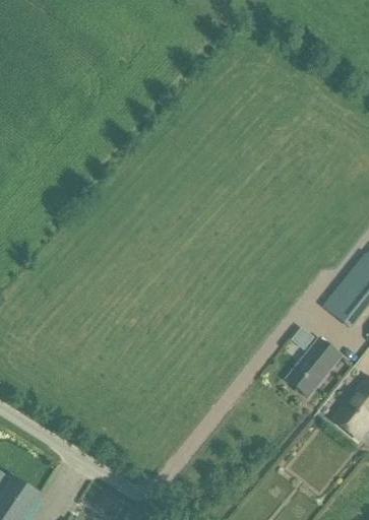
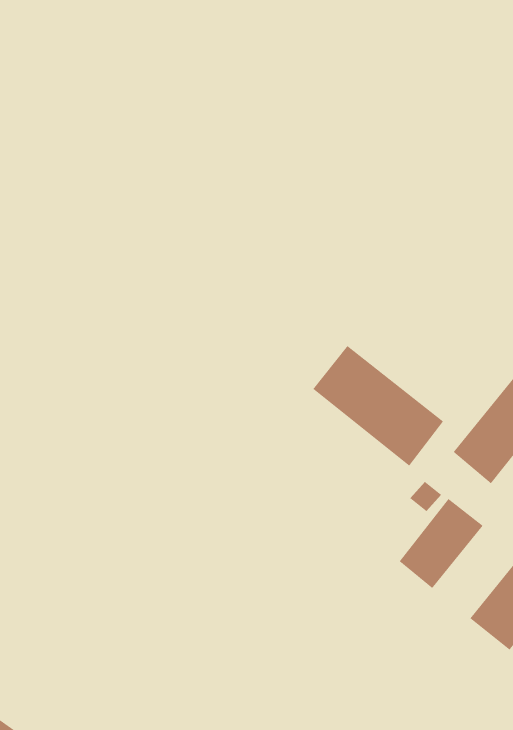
building: none -> [312,345,444,467]

